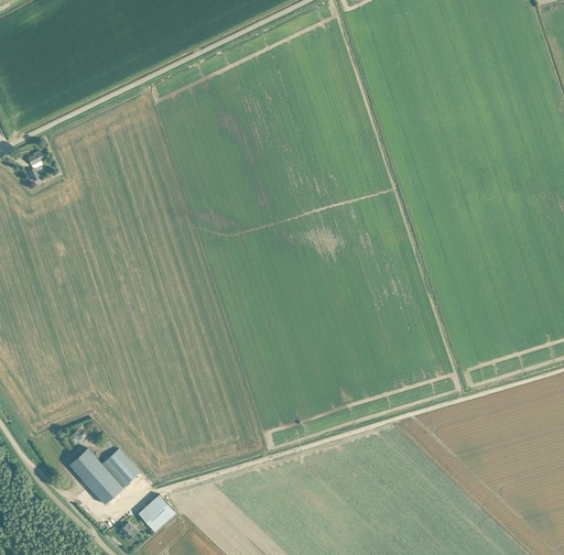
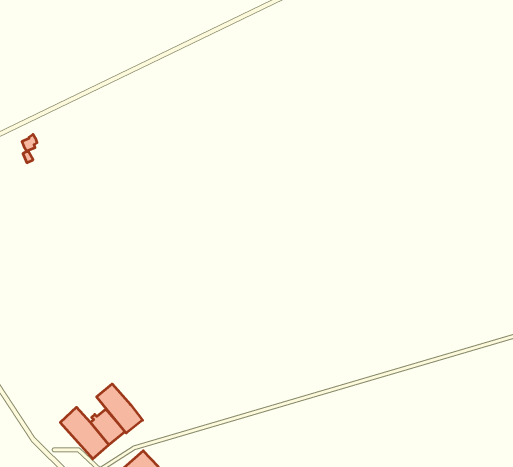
building: none -> [97,384,143,433]

